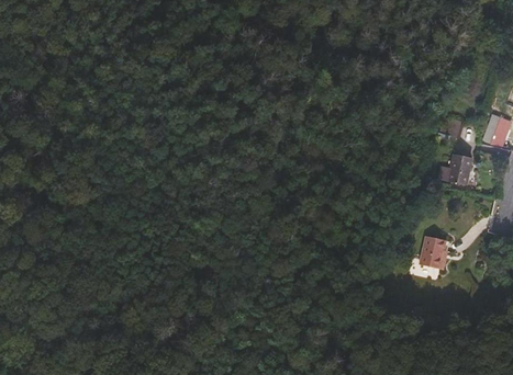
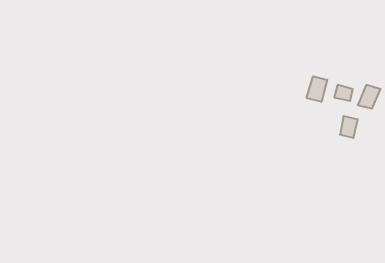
building: none -> [307,76,327,102]
building: [422,239,446,269] -> none

